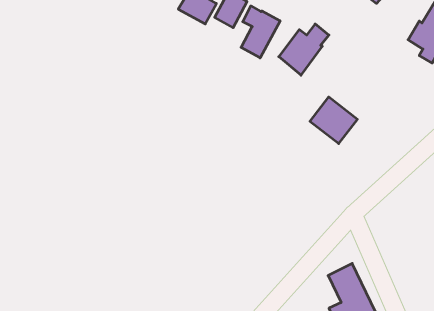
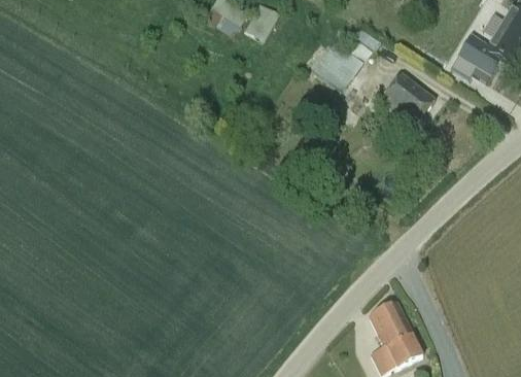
building: [241,6,280,58] -> none
building: [310,97,357,144] -> [382,73,435,125]

